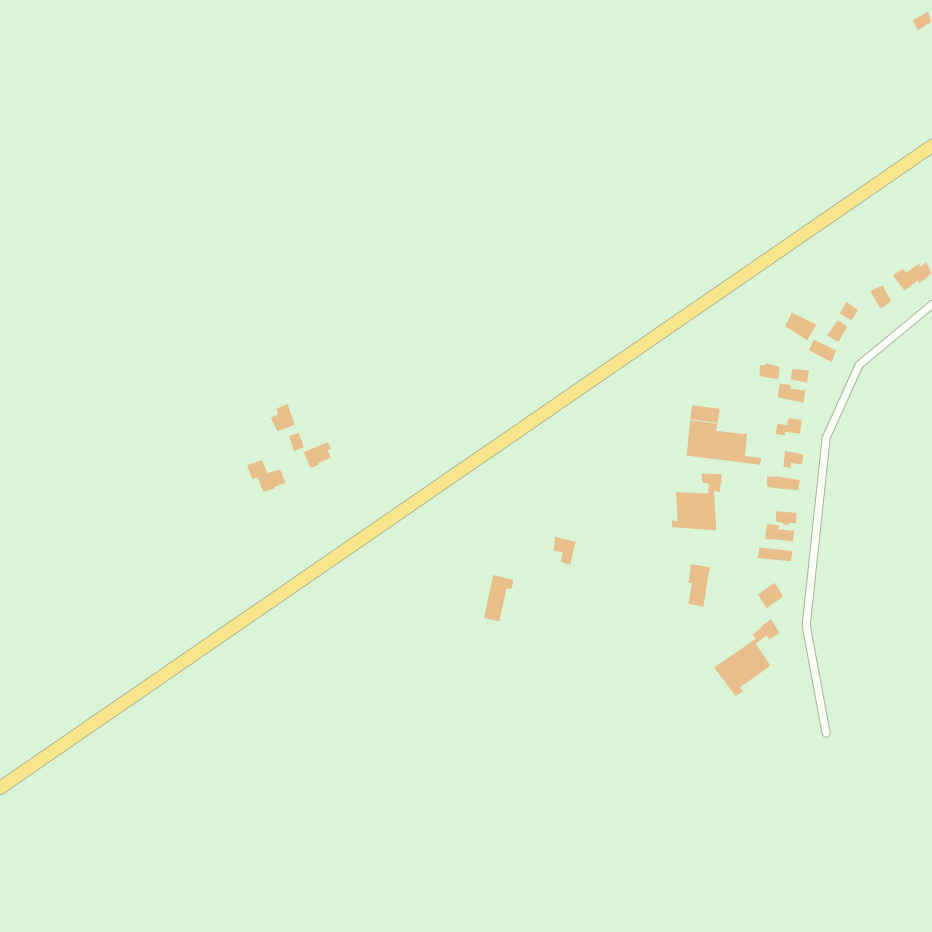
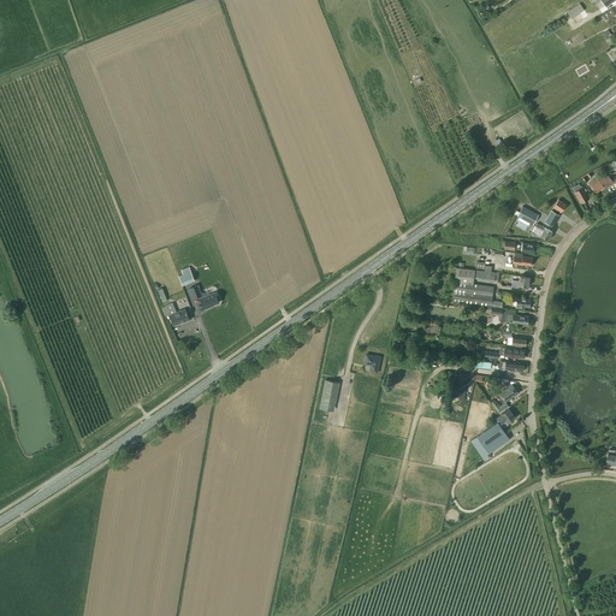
building: [671,473,722,531] -> none

